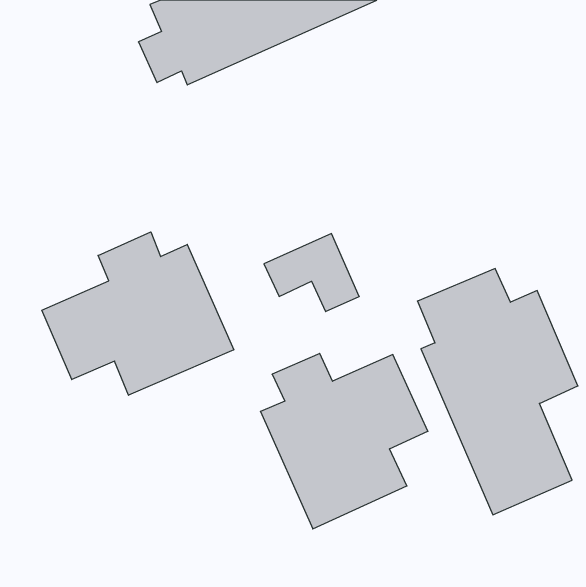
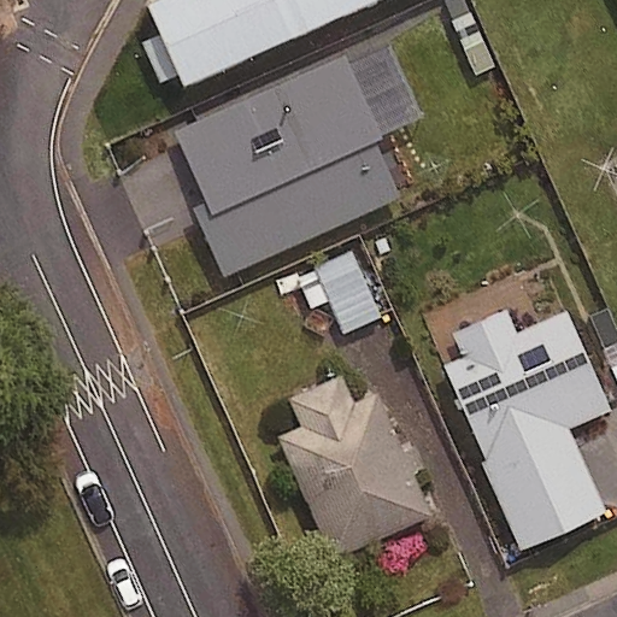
building: none -> [172,54,402,272]
building: [42,232,234,395] -> none

